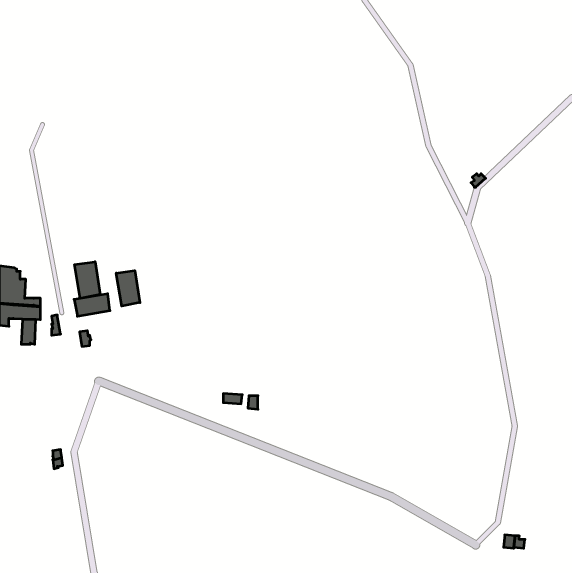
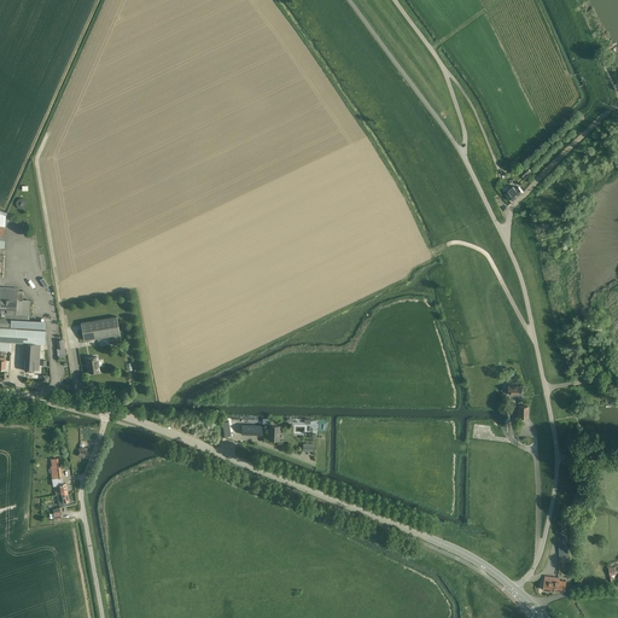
building: [75,262,100,298] -> none
building: [116,271,140,306] -> none

